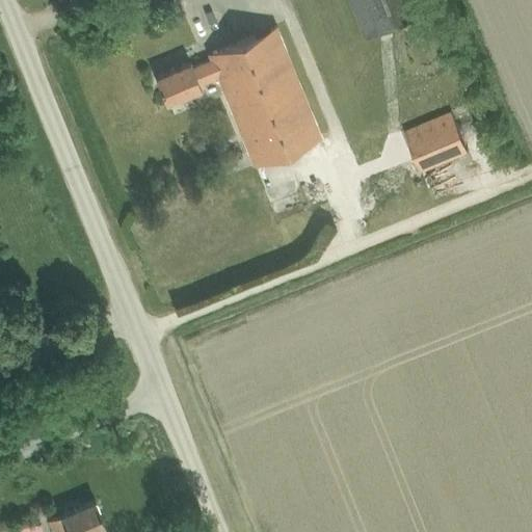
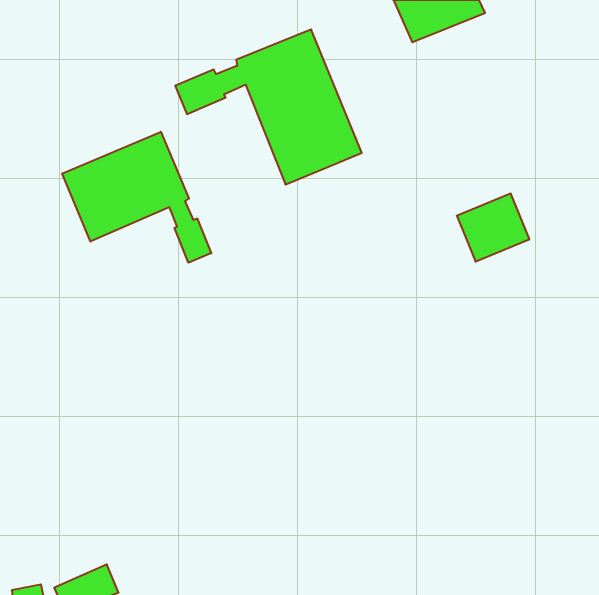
building: [404,115,469,176] -> [457,193,529,262]
building: none -> [62,132,211,263]

